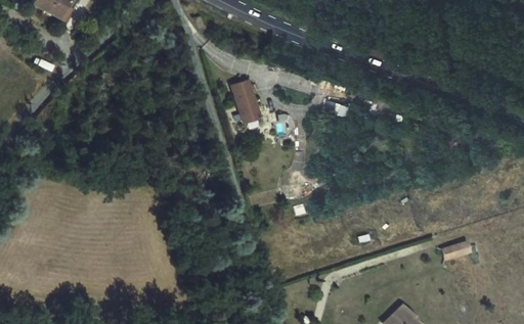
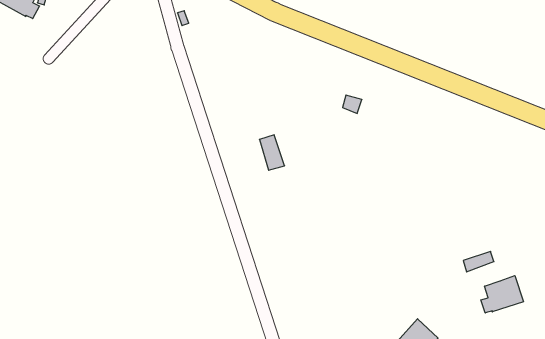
building: [229,85,252,117] -> [259,135,285,170]
building: none -> [481,276,523,313]

